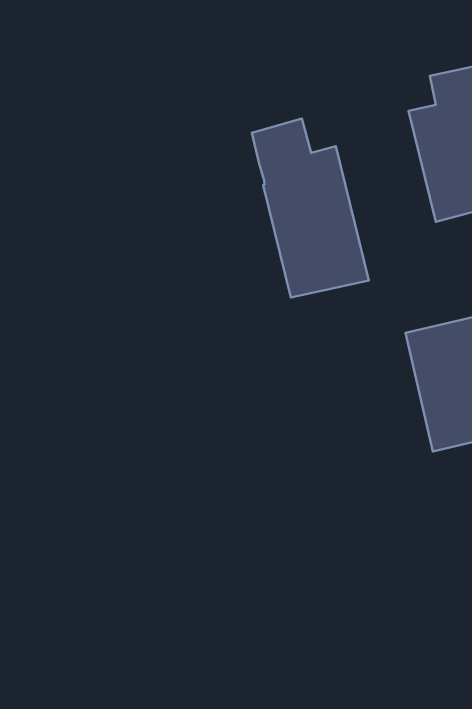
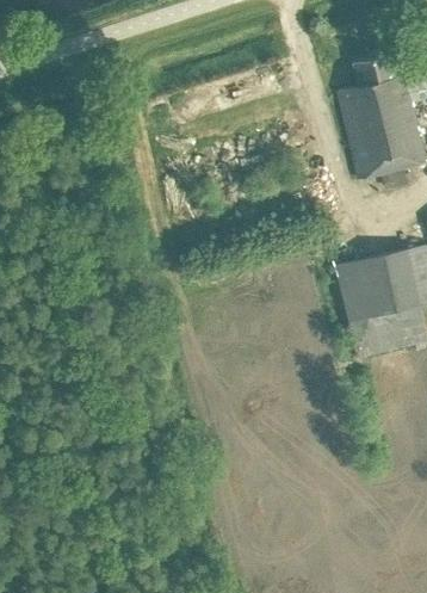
building: [252,118,369,297] -> none

